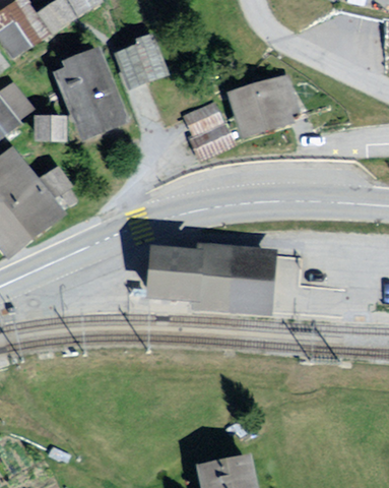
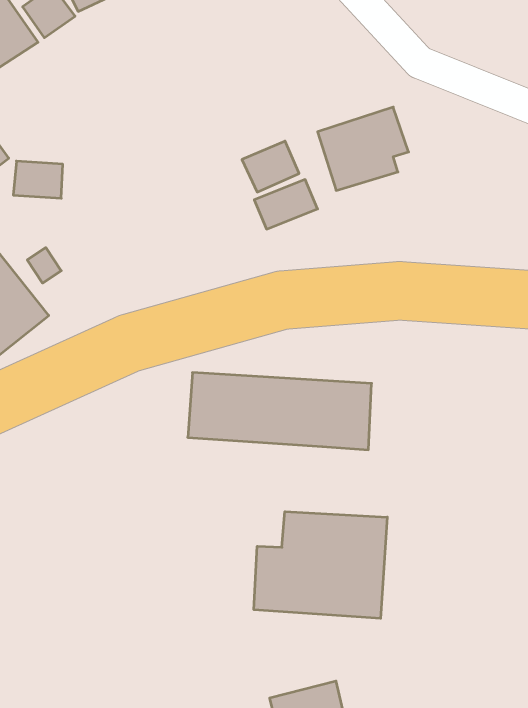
building: [117,39,165,88] -> none
building: [57,50,123,131] -> none
building: none -> [254,512,387,618]

